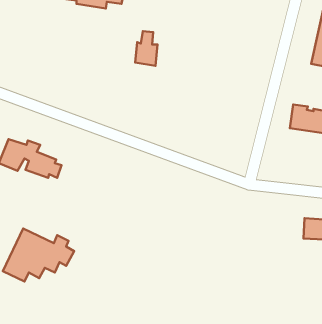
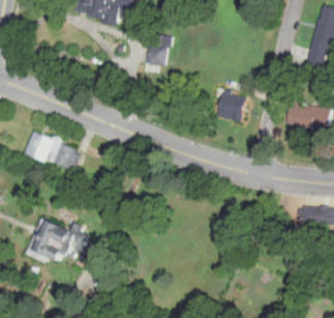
building: none -> [216,90,246,123]

